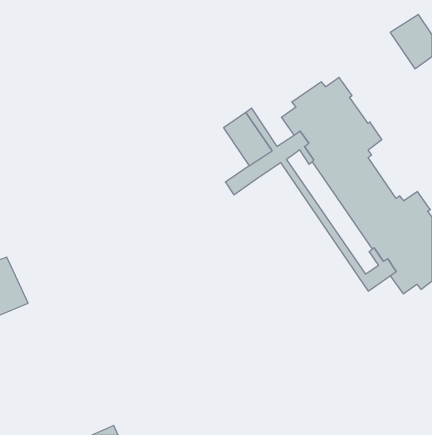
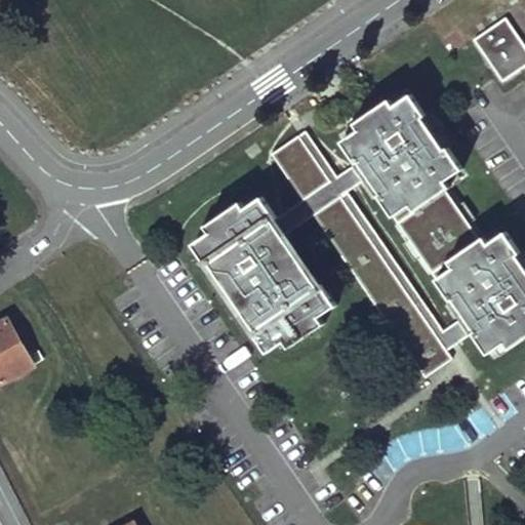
building: none -> [191,196,334,353]
building: none -> [311,196,450,377]

